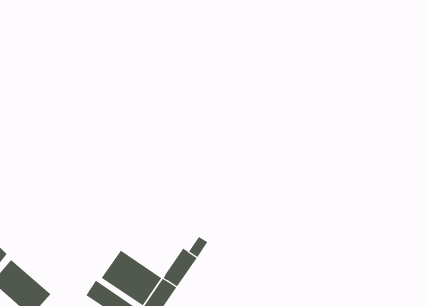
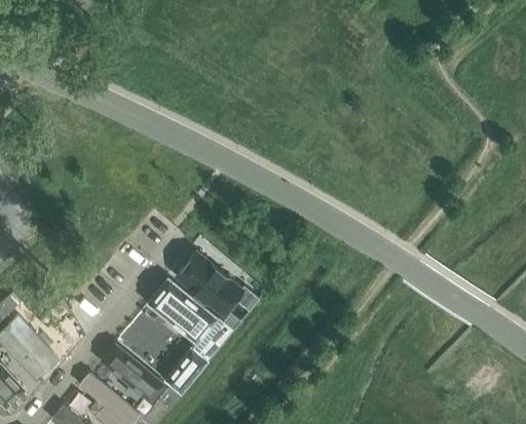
building: none -> [174,250,256,311]
building: none -> [145,277,214,342]

